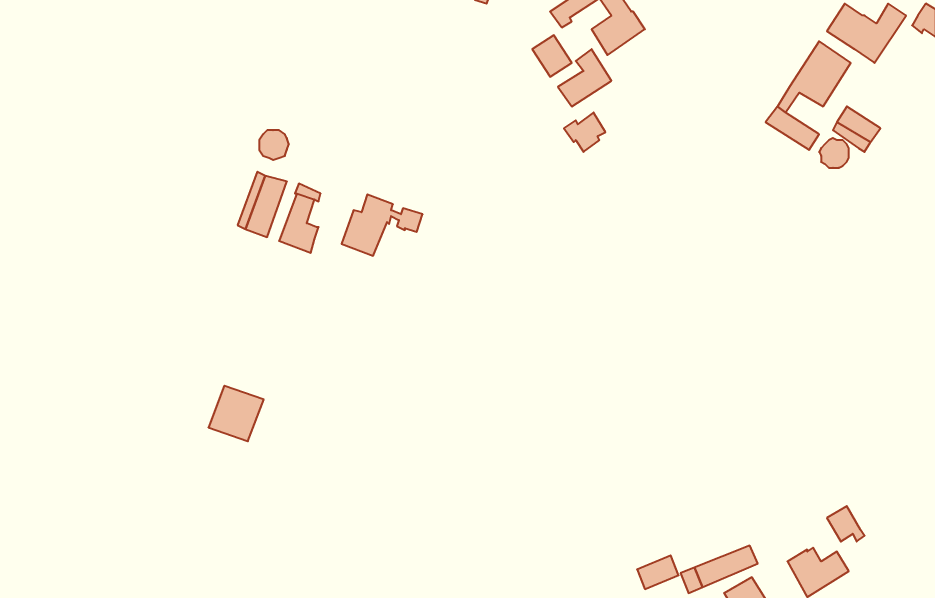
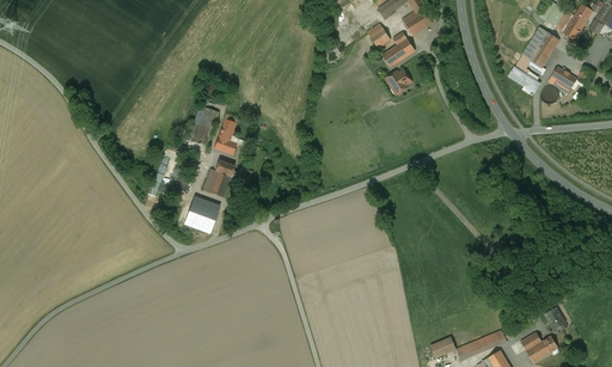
building: [342,194,423,256] -> [203,160,252,197]
building: [208,386,264,441] -> [185,200,219,233]

